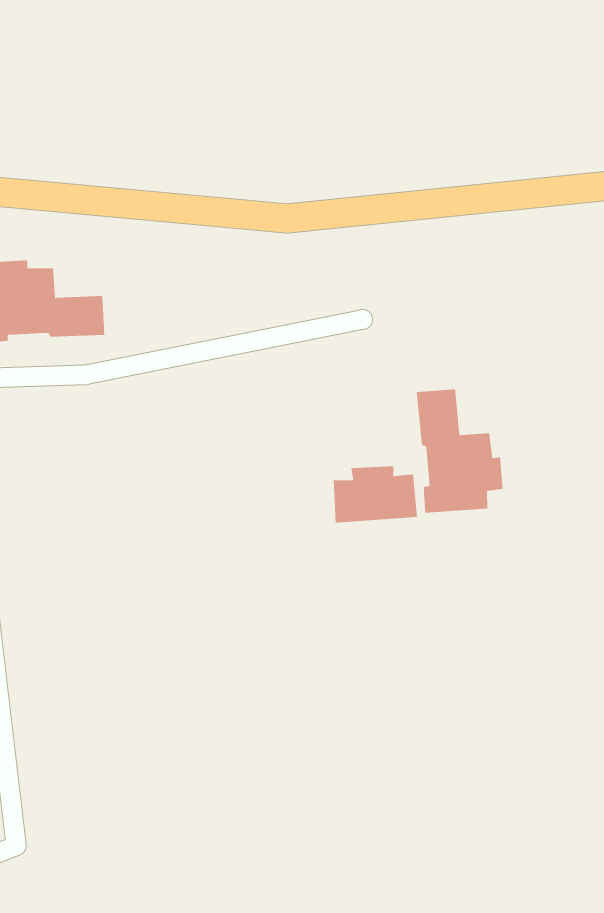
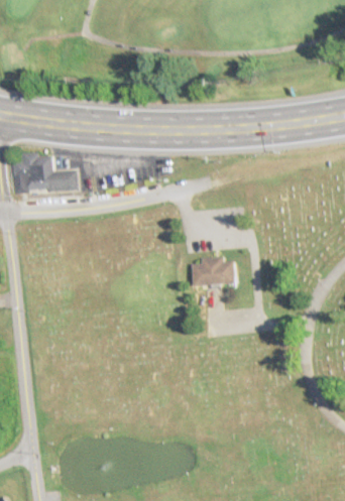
building: [416,388,503,514] -> none

